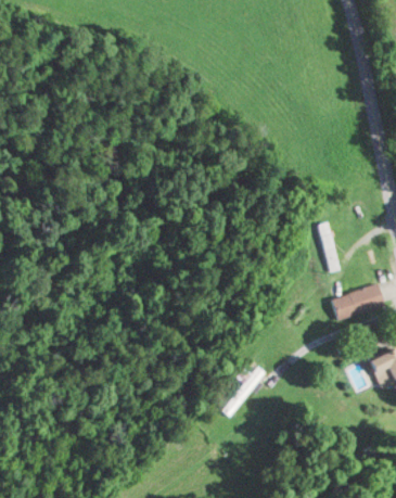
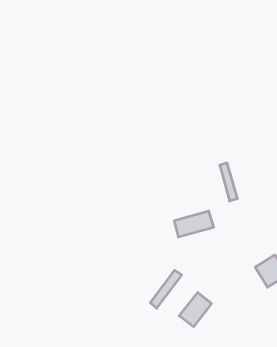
building: [332,285,385,320] -> [174,211,214,237]
building: none -> [179,292,211,327]

